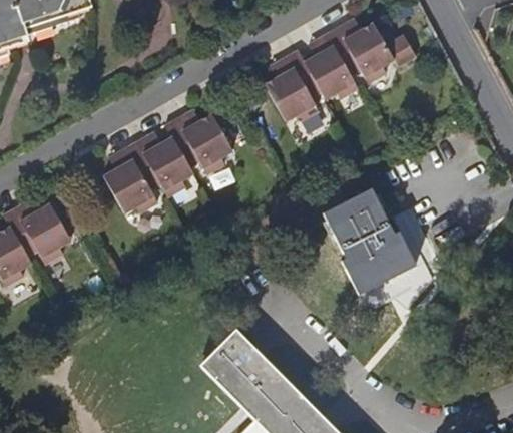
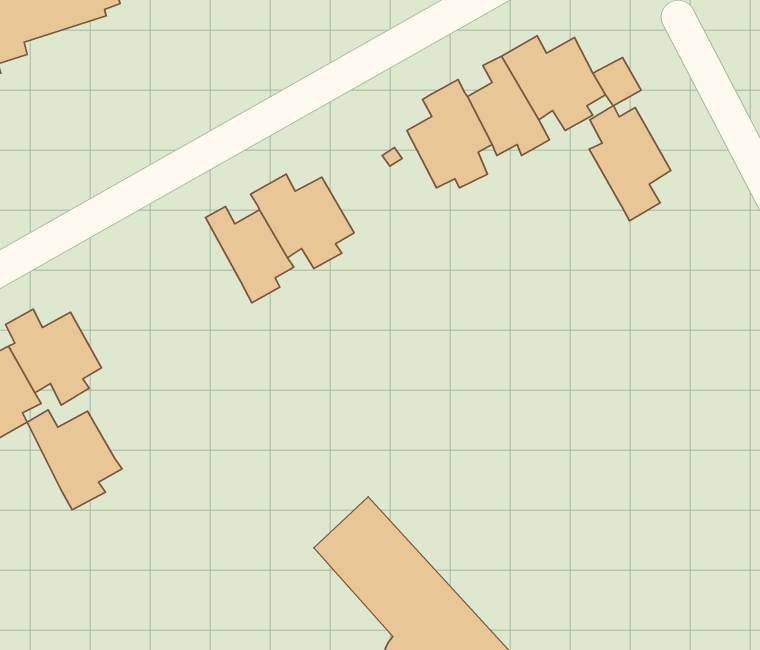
building: none -> [589,106,671,221]
building: [102,144,158,215] -> none
building: [325,181,413,285] -> none
building: none -> [27,410,122,510]

